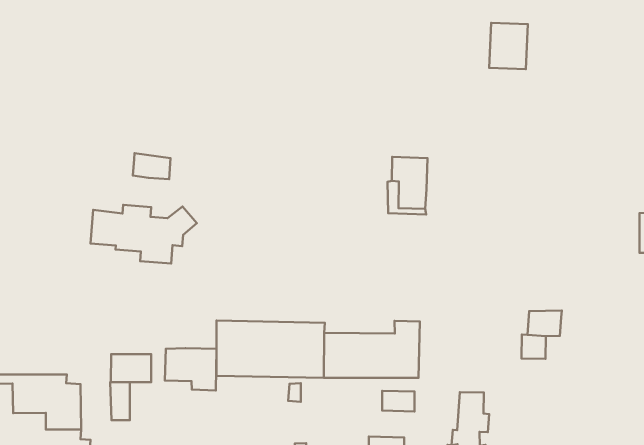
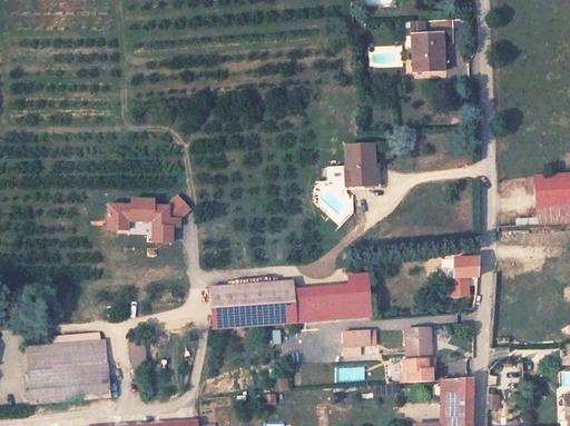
building: [133,153,171,179] -> none
building: [165,348,216,390] -> none
building: [111,354,151,382] -> none

